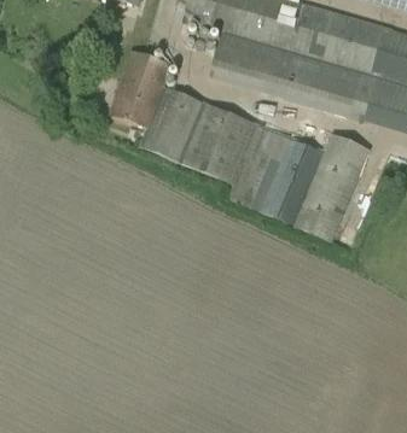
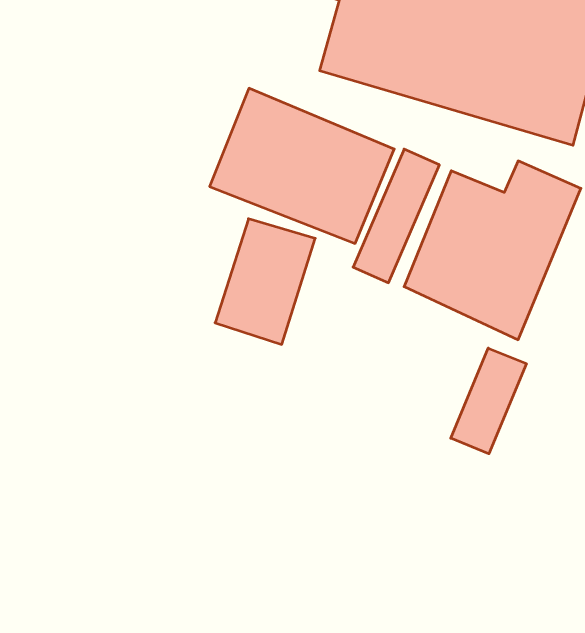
building: [110,49,171,127] -> [215,219,315,344]
building: none -> [451,348,526,454]

